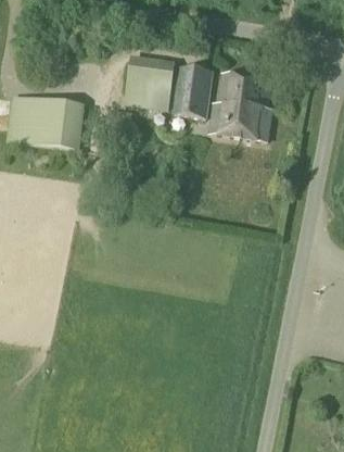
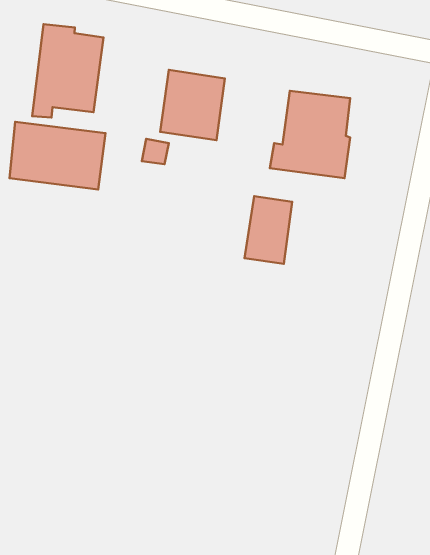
building: none -> [32,24,103,118]
building: [175,65,212,117] -> [244,196,292,264]

